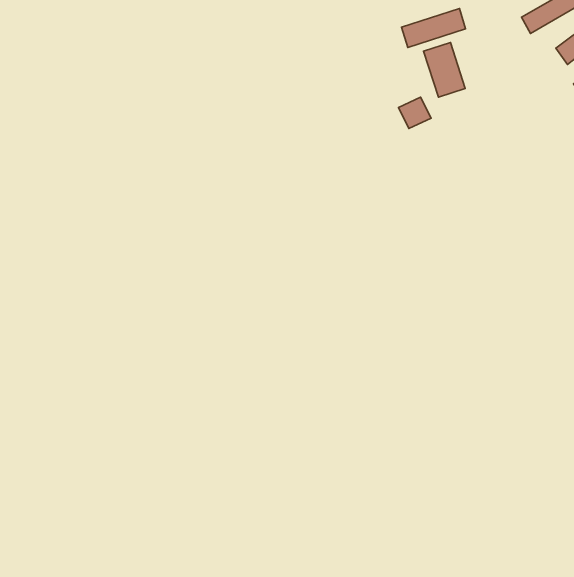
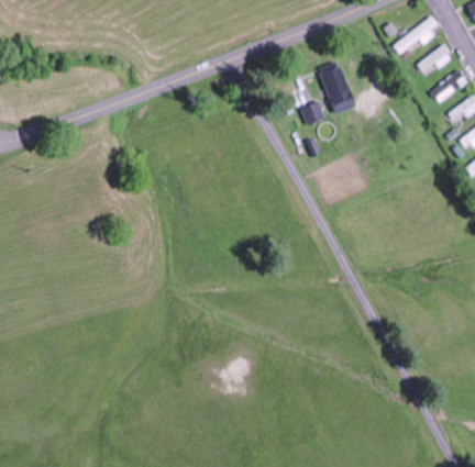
building: [401,8,466,48] -> none

